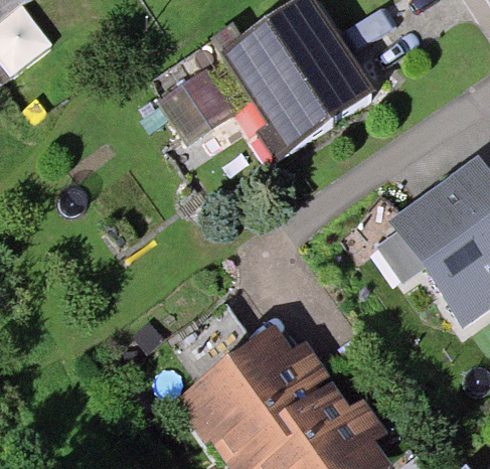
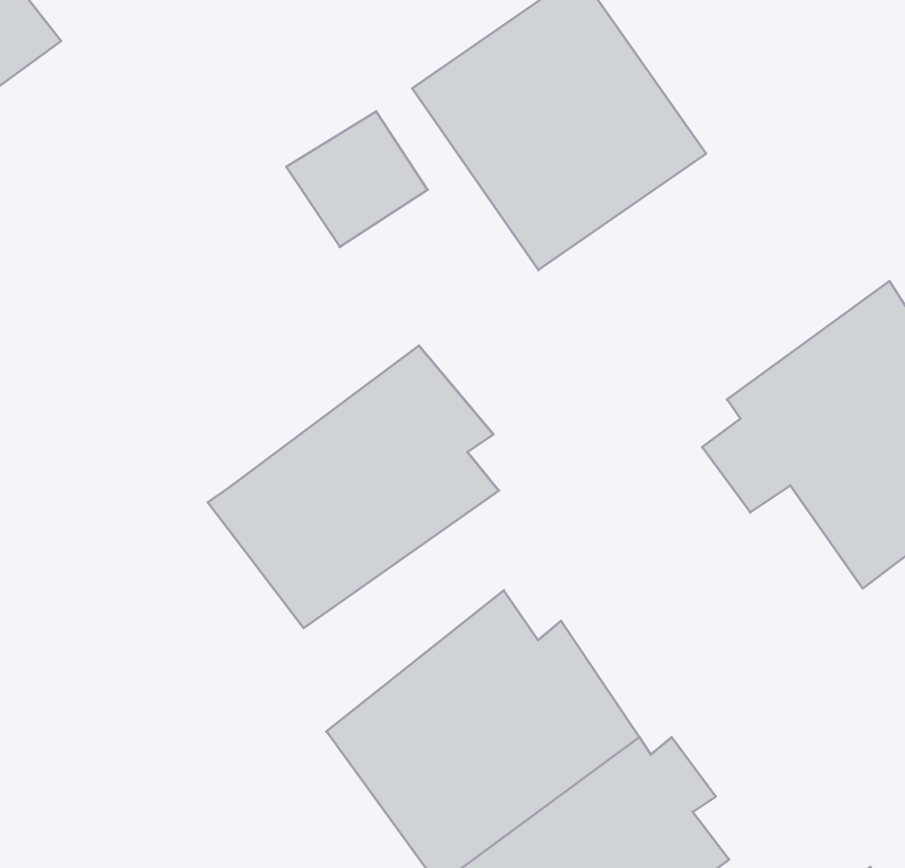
building: none -> [208,346,499,628]

